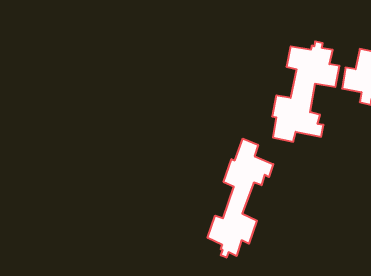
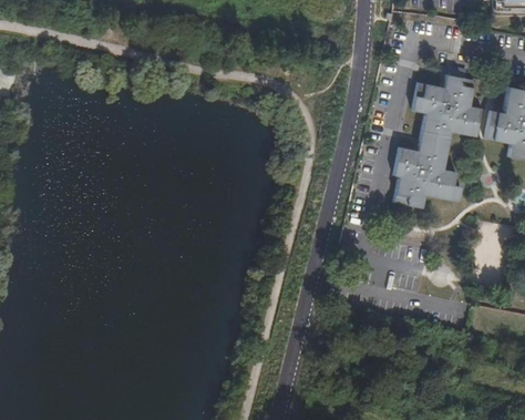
building: [208,139,273,258] -> none

